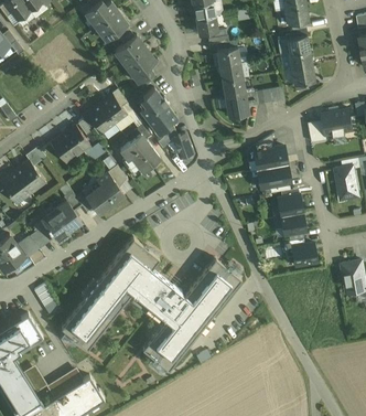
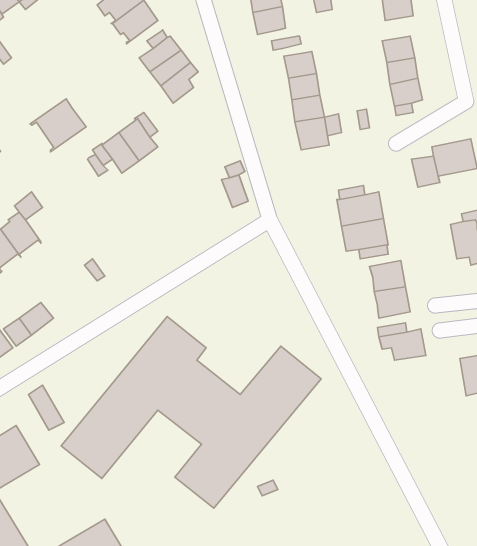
building: [140,88,175,134] -> none
building: [50,126,89,163] -> [30,99,86,152]
building: [121,131,164,173] -> none
building: [89,172,130,216] -> none
building: [47,201,86,235] -> none

